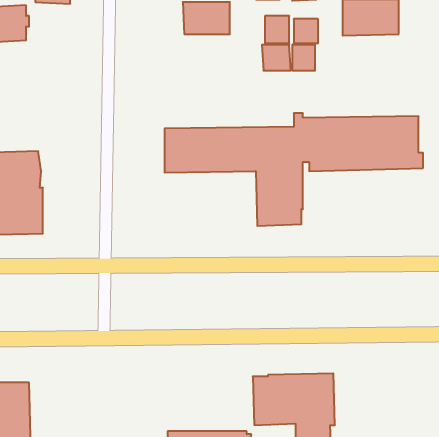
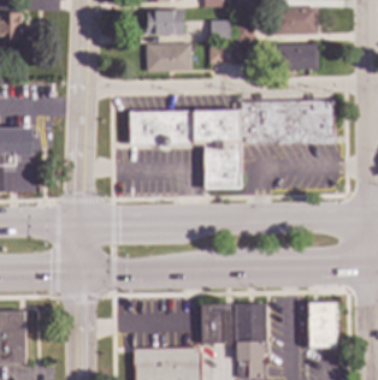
building: none -> [147,44,191,72]
building: none -> [274,44,319,70]
building: none -> [309,302,337,346]

